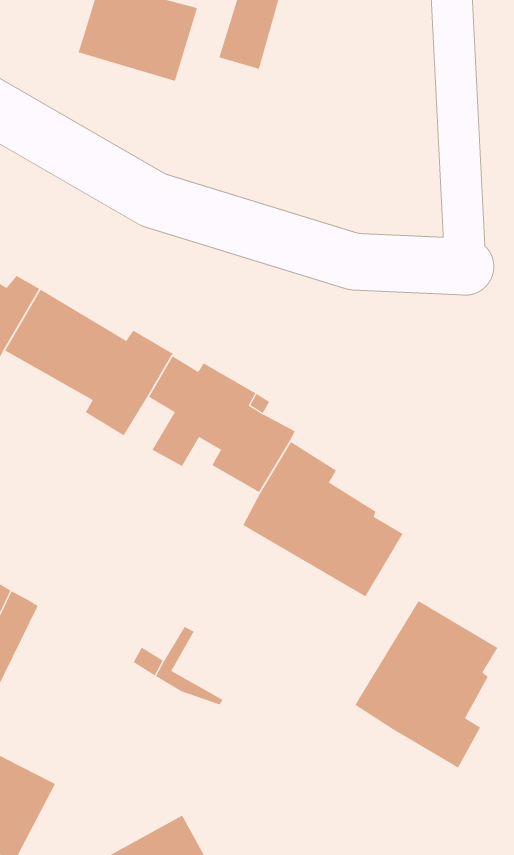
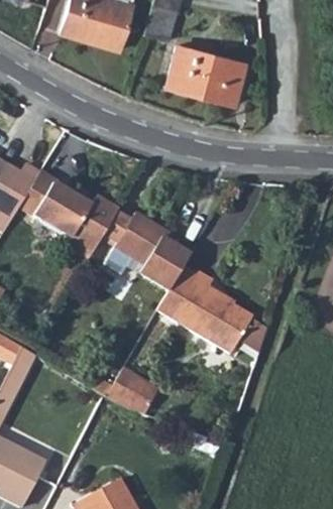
building: none -> [166,44,246,106]
building: [354,600,498,768] -> none
building: none -> [116,372,158,412]

